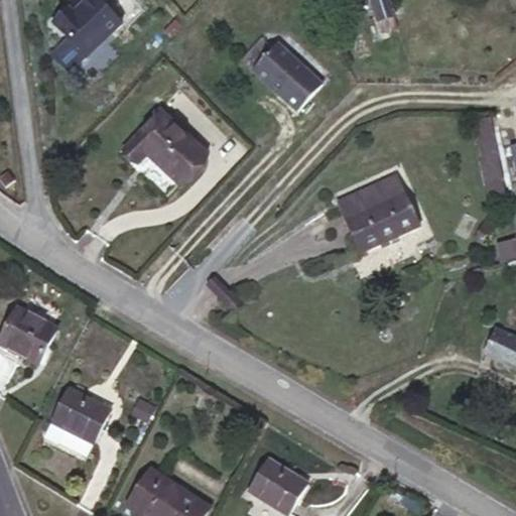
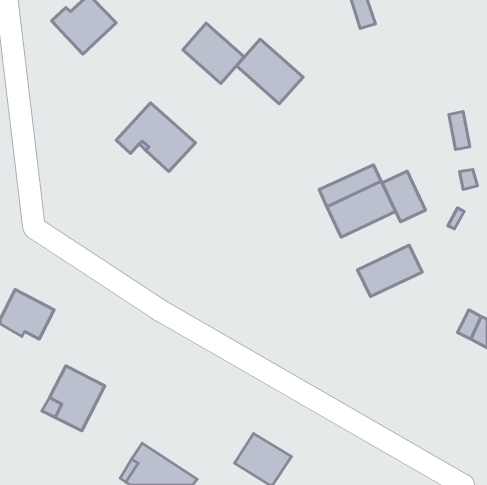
building: none -> [183,23,244,83]
building: none -> [382,171,426,222]
building: none -> [358,245,422,297]

